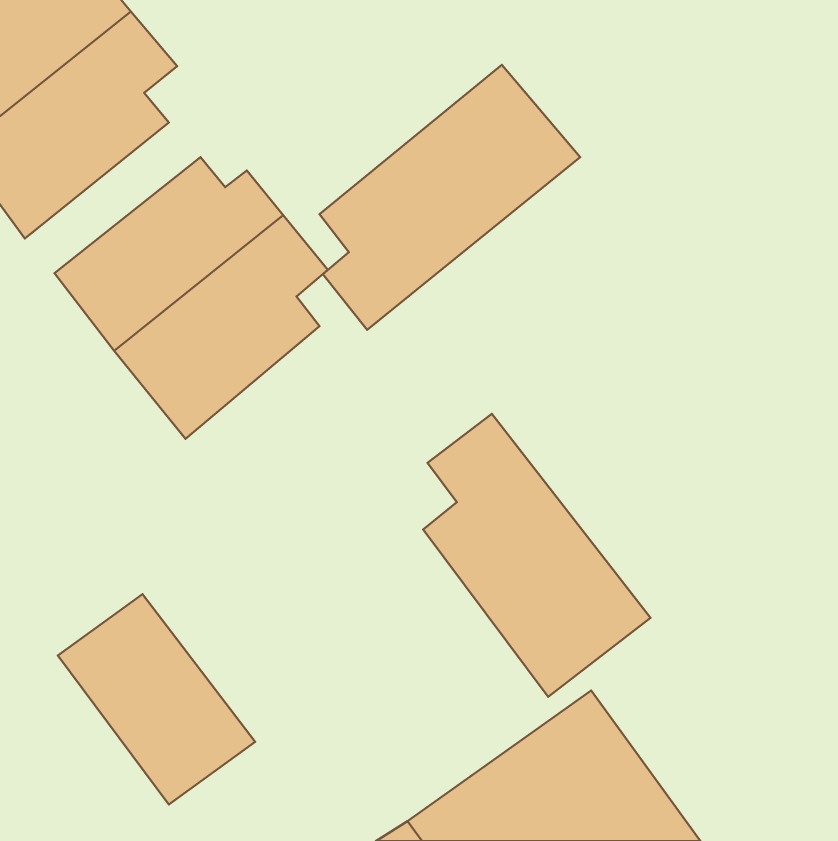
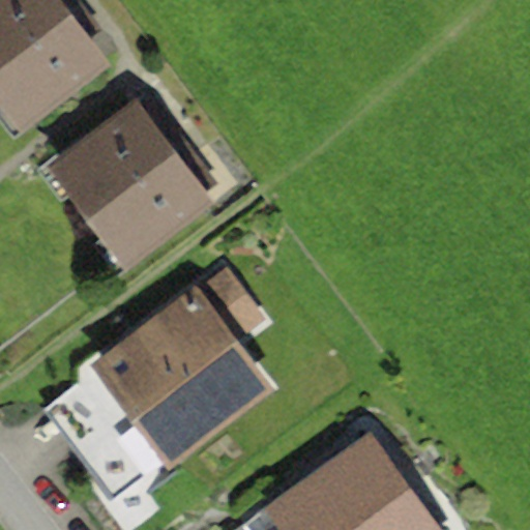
building: [319,65,580,330] -> none
building: [423,414,651,697] -> none
building: none -> [89,267,266,473]

